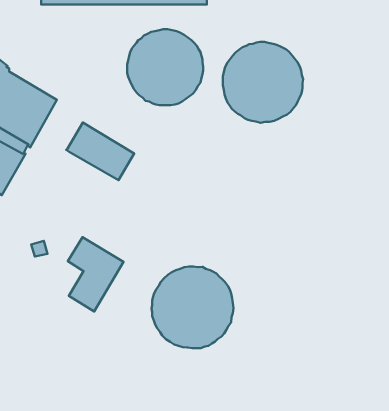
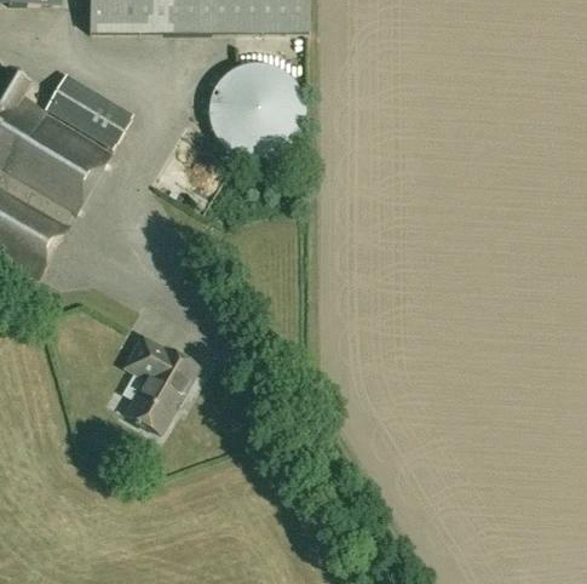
building: [223,42,303,123] -> none
building: [66,122,134,180] -> [44,75,133,151]
building: [151,266,234,348] -> none

